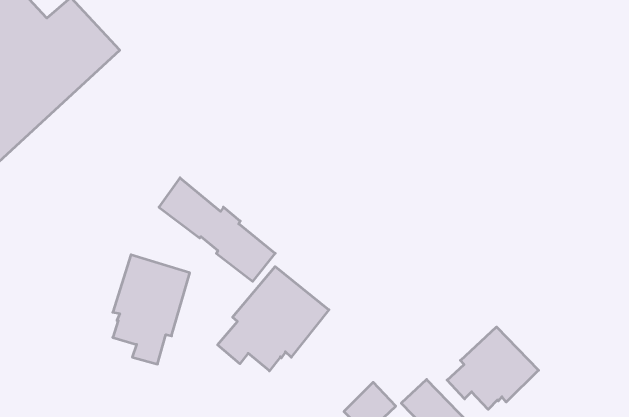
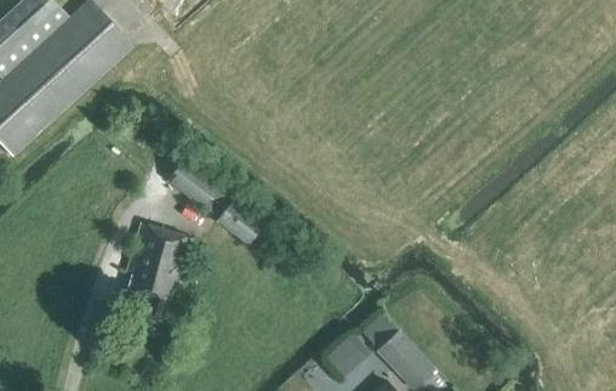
building: [218,267,329,371] -> none
building: [447,327,539,409] -> none

